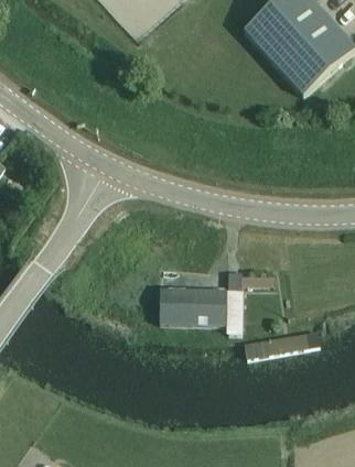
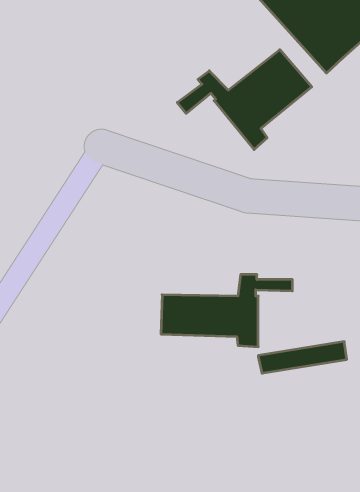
building: none -> [177,50,312,150]

